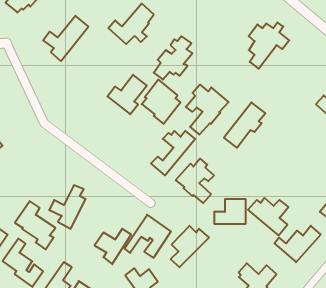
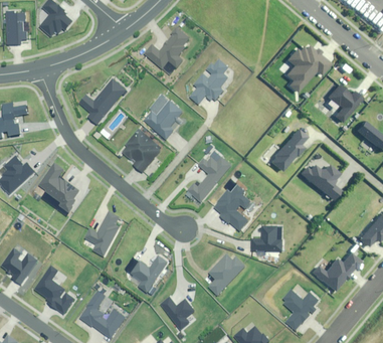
building: [43,16,88,61] -> [79,77,126,124]
building: none -> [328,84,361,122]
building: [142,80,180,124] -> [122,127,161,172]
building: [186,85,229,135] -> none
building: [248,198,288,235] -> [299,162,340,200]
building: [15,201,55,249] -> [38,162,79,211]
building: [125,215,171,258] -> none

